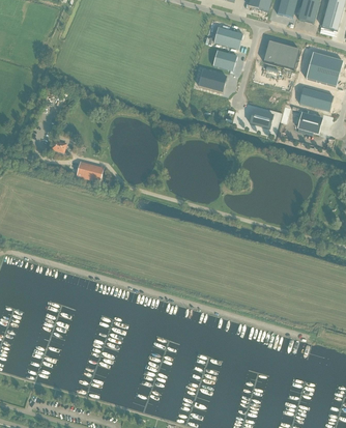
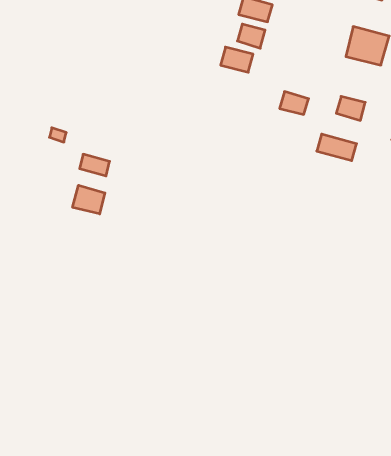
building: [263,40,298,68] -> none
building: [298,87,333,110] -> [317,134,357,161]
building: none -> [73,185,105,214]

